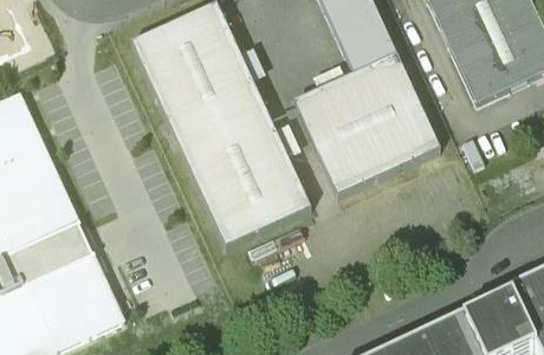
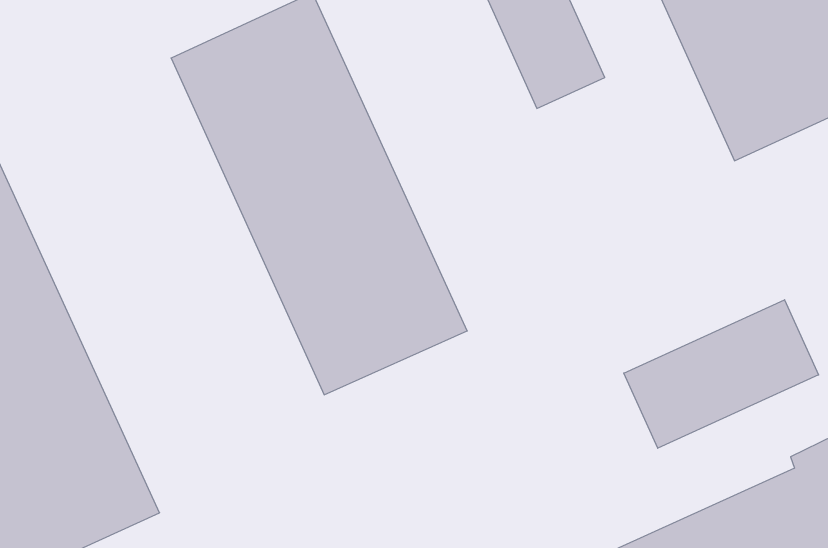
building: [292,52,440,195] -> none
building: none -> [624,300,819,448]

